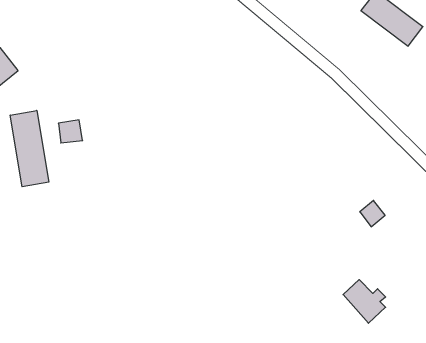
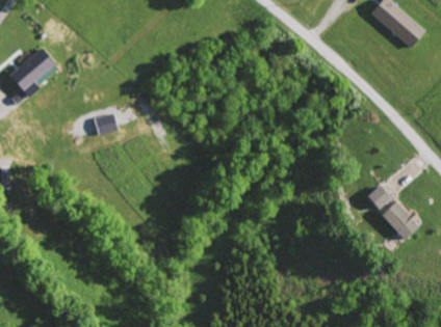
building: [10,110,49,187] -> none
building: [343,280,386,323] -> [381,201,419,241]

